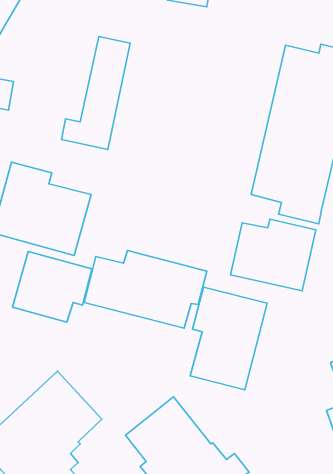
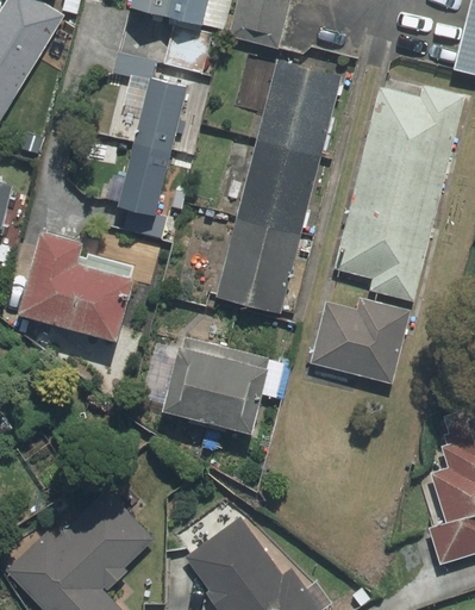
building: none -> [214,56,343,316]
building: [12,251,92,322] -> none
building: [190,287,267,390] -> none

